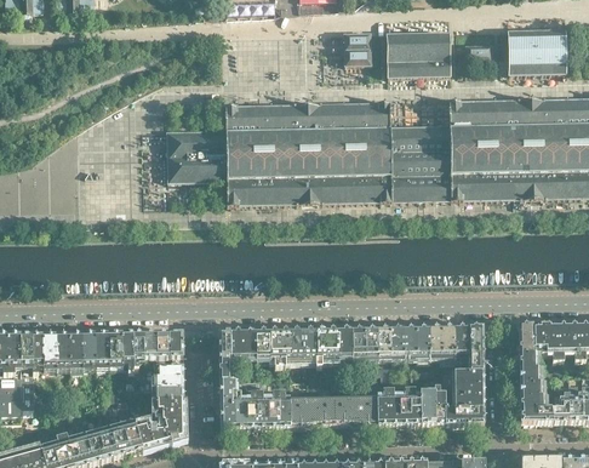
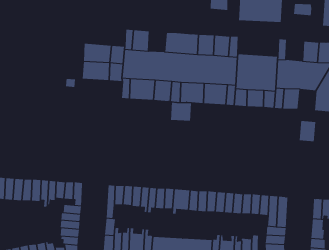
building: [461,98,486,127] -> none
building: [261,103,285,132] -> none
building: [486,169,509,198] -> [299,120,316,142]
building: none -> [170,102,191,122]

